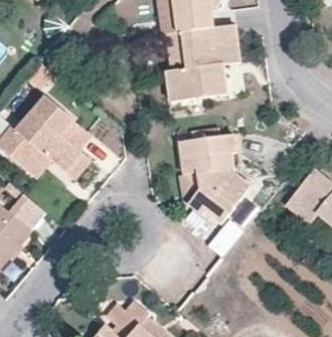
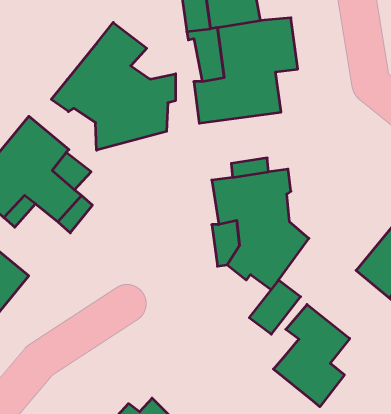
building: none -> [51,22,176,150]
building: none -> [273,304,350,407]

